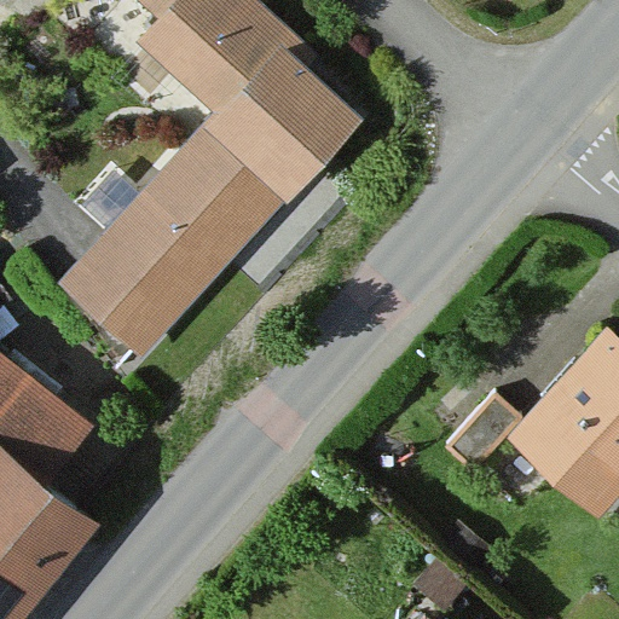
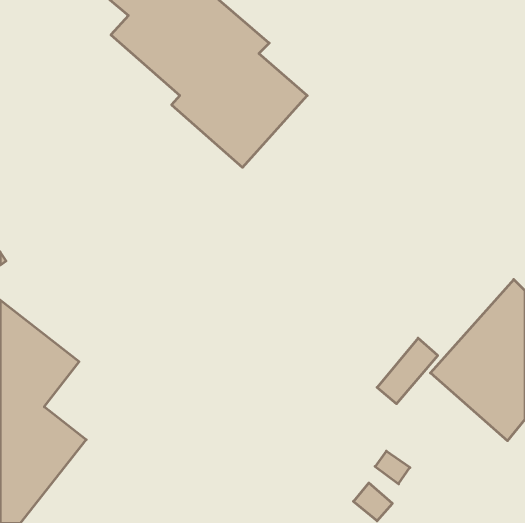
building: [54,128,280,360] -> none

